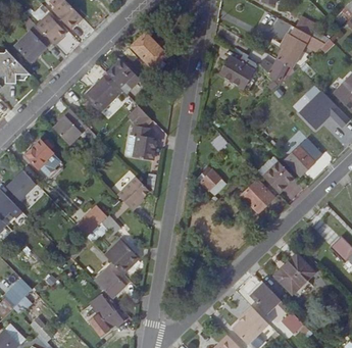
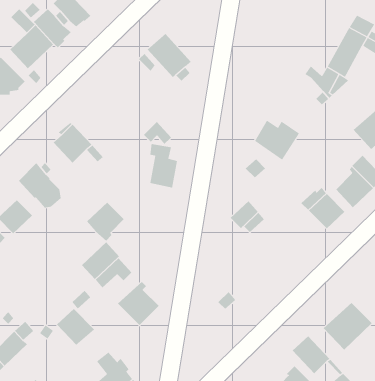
building: [219,54,257,88] -> [254,120,300,161]
building: [108,62,140,94] -> none
building: [85,79,118,112] -> none
building: [116,177,148,209] -> [86,202,125,241]
building: [236,178,273,212] -> none
building: [94,268,125,299] -> [56,308,95,345]

